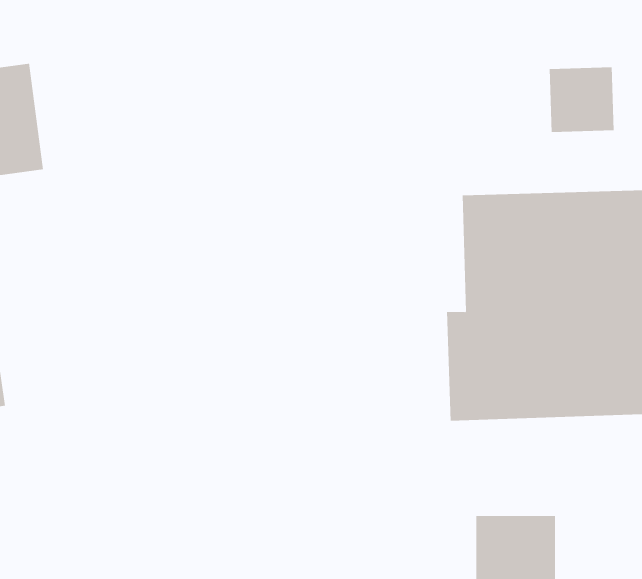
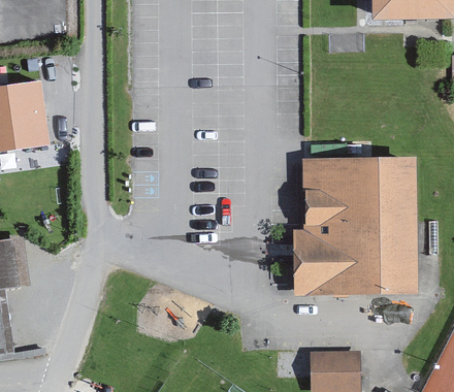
building: [549,67,614,133] -> none

